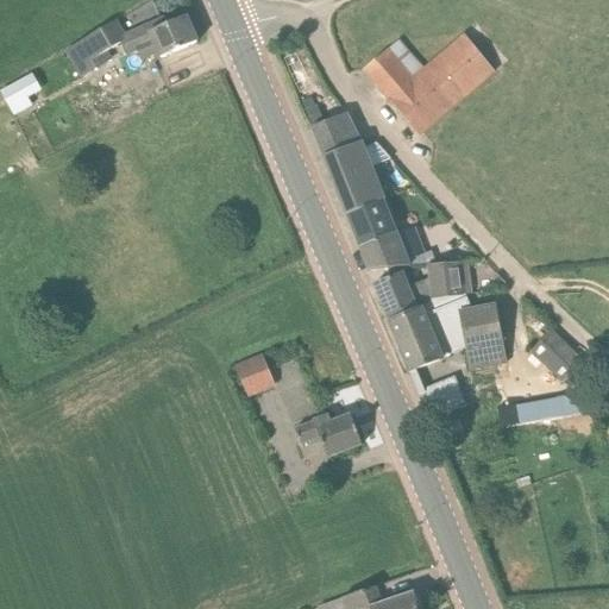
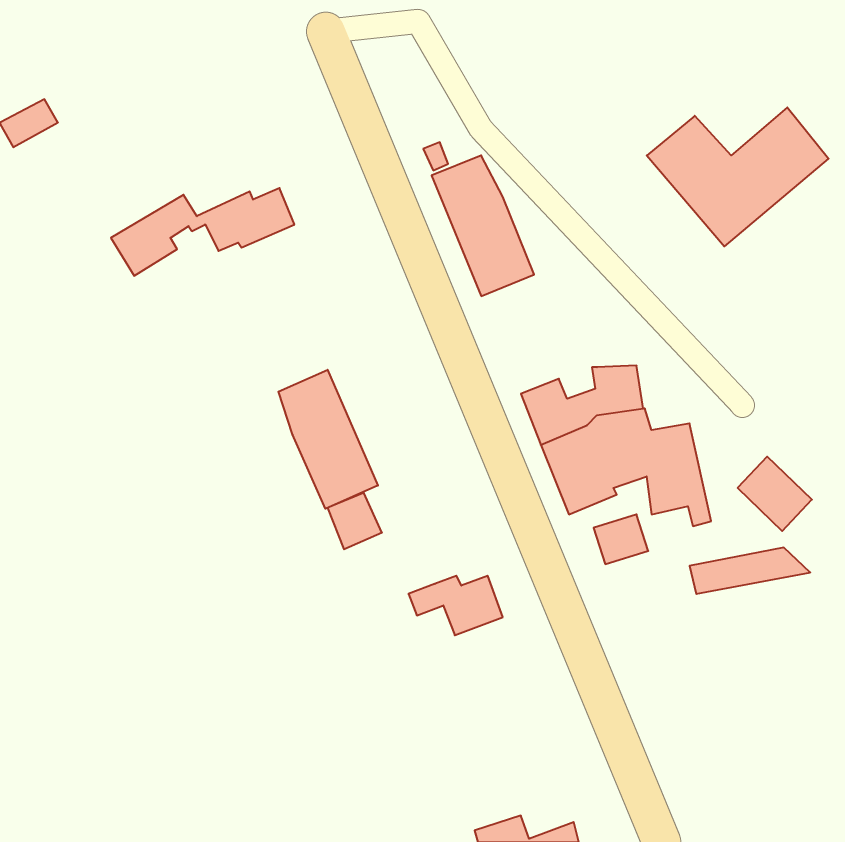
building: [64,14,196,77] -> [111,188,294,276]
building: [363,33,494,133] -> [647,107,829,246]
building: [346,197,429,268] -> none
building: none -> [278,370,378,509]

